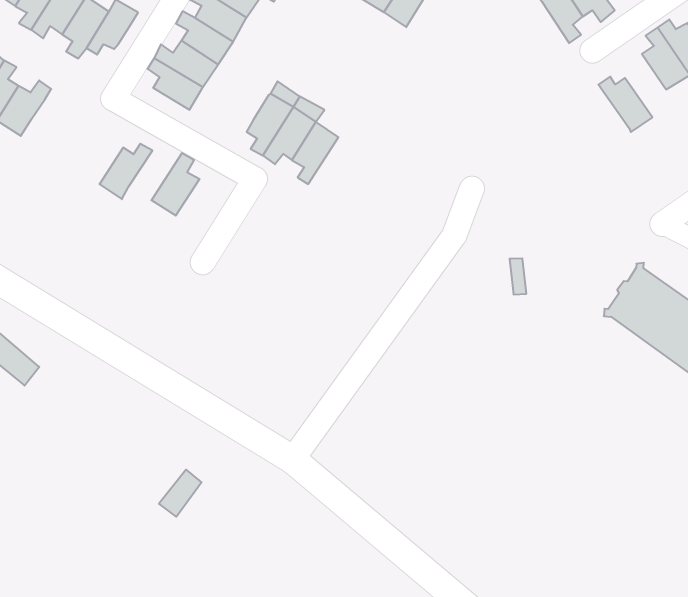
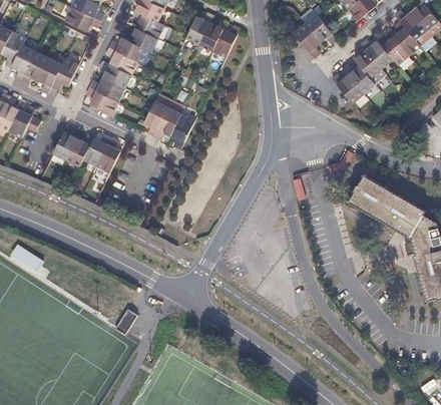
building: none -> [346,60,374,94]
building: none -> [53,125,77,159]
building: none -> [82,135,109,165]

